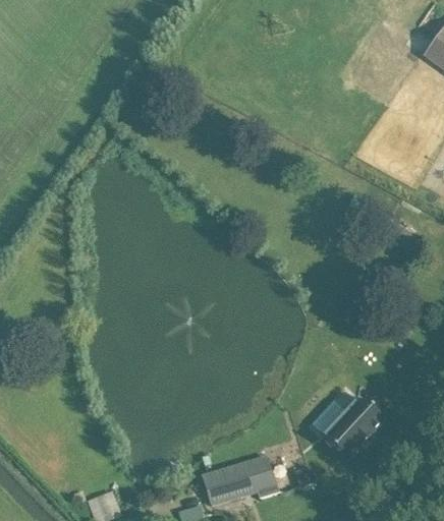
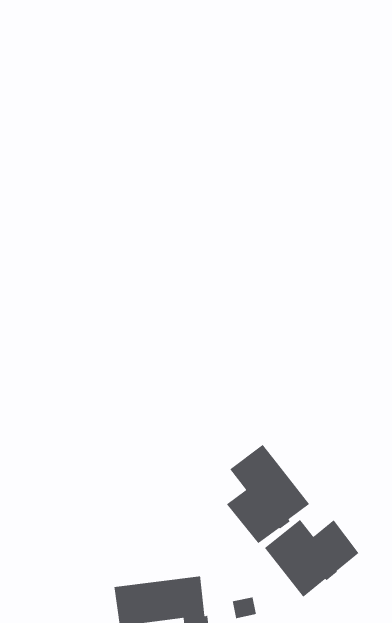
building: none -> [226,444,310,544]

